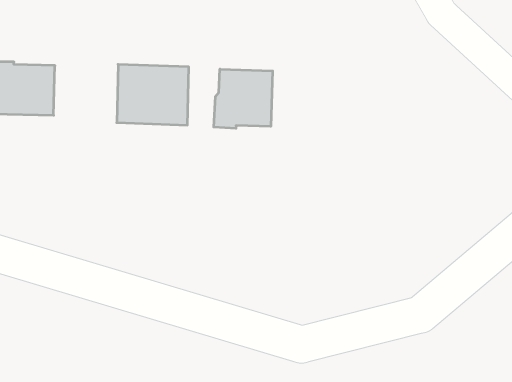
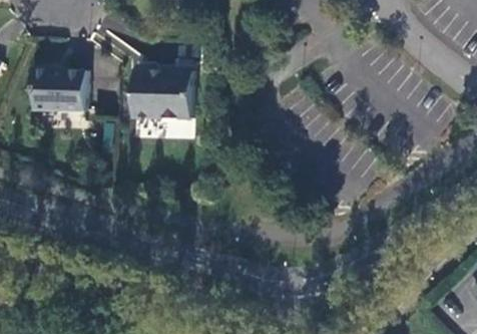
building: [214,69,273,128] -> none

